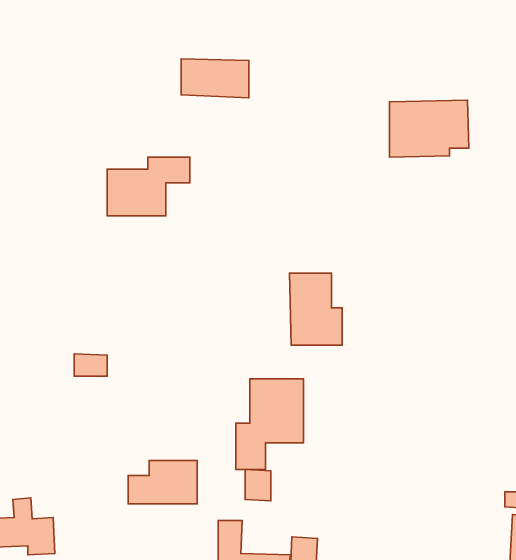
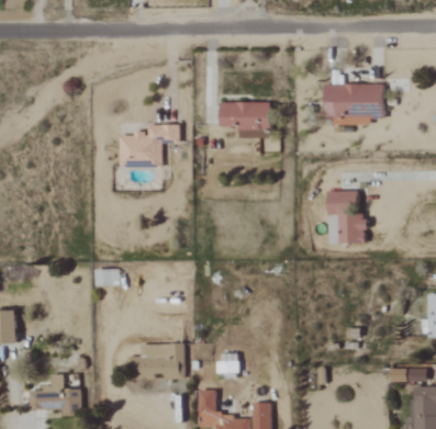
building: [181,59,249,98] -> [220,101,269,129]
building: [290,273,342,345] -> [327,191,366,244]
building: [236,379,304,469] -> none

